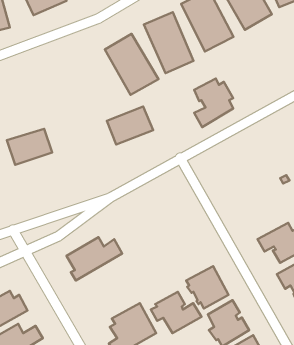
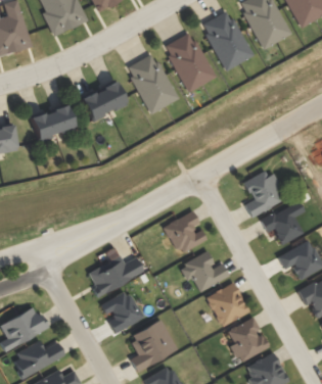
building: [194,79,233,127] -> [243,171,282,219]
building: [107,106,153,145] -> [81,82,127,119]
building: [7,129,52,165] -> [30,105,75,141]
building: none -> [260,200,306,245]
building: none -> [164,211,206,252]
building: none -> [100,291,144,332]
building: [151,292,201,333] -> [180,251,230,292]

